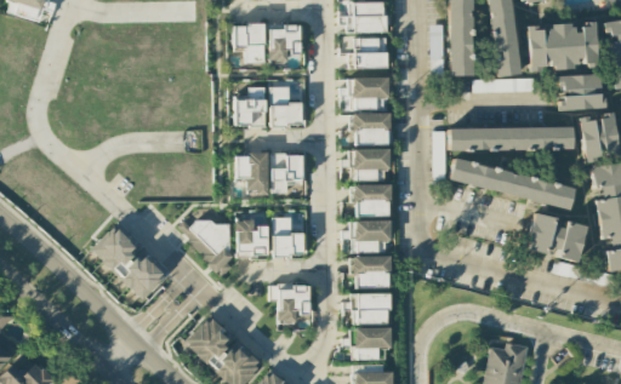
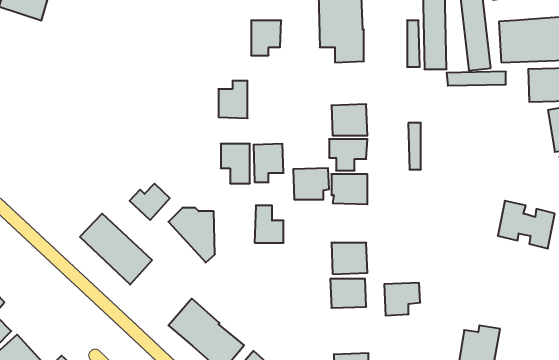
building: [234,24,266,63] -> none
building: [351,78,388,110] -> none
building: [272,87,302,126] -> none
building: [449,127,572,151] -> none
building: [449,159,575,210] -> none
building: none -> [130,184,170,220]
building: [237,220,268,257] -> none
building: [354,220,392,253] -> [293,168,329,200]
building: [270,285,309,325] -> none
building: [354,327,392,361] -> [384,283,420,315]

